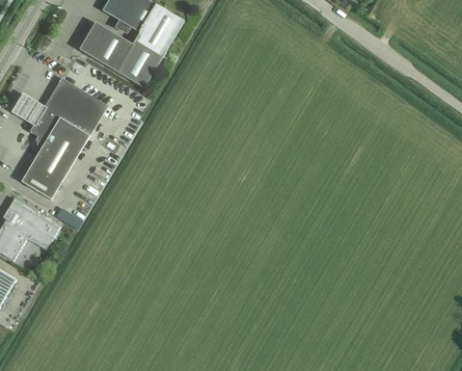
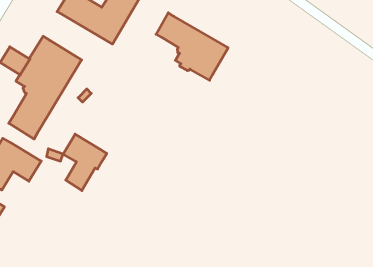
building: none -> [156,13,228,80]
building: none -> [63,134,107,191]

